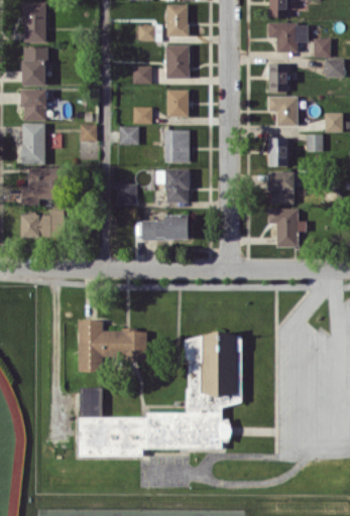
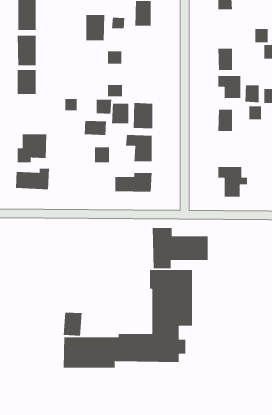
building: [267,23,308,52] -> none
building: [165,45,190,79] -> [85,14,105,41]
building: [166,91,189,117] -> [111,103,129,124]
building: none -> [244,85,259,103]
building: [21,124,45,164] -> none
building: none -> [84,120,107,136]
building: [268,172,295,205] -> none
building: [78,320,147,372] -> [152,227,209,269]

